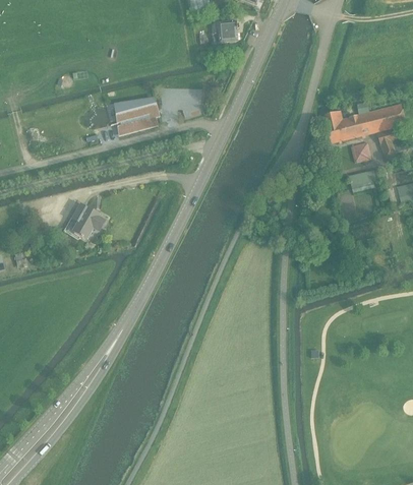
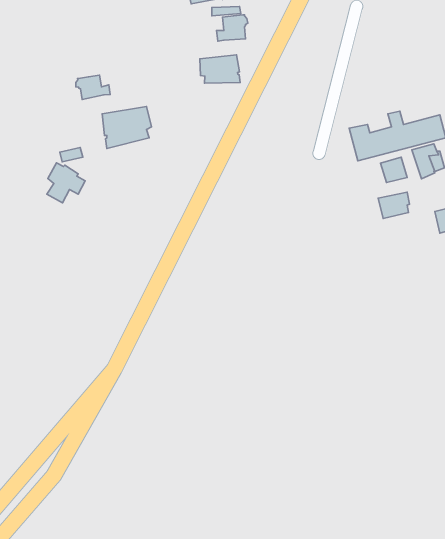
building: none -> [200,55,240,83]
building: none -> [76,75,110,100]
building: [71,203,104,237] -> [47,163,85,203]

